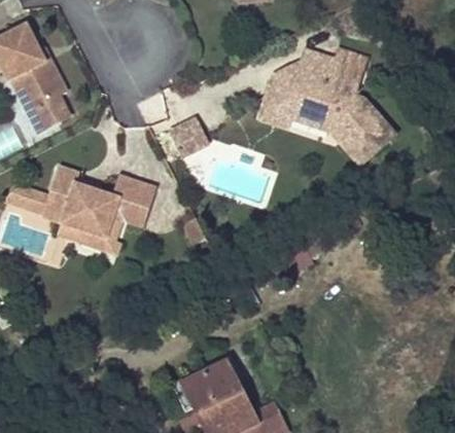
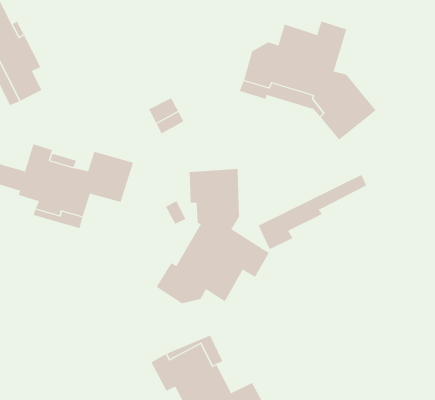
building: none -> [156,168,270,304]

